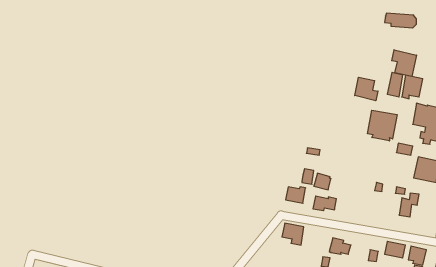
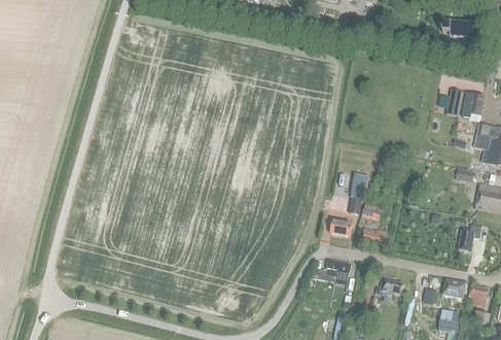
building: [392,50,416,76] -> none
building: [355,77,378,101] -> none
building: [368,110,397,141] -> none

